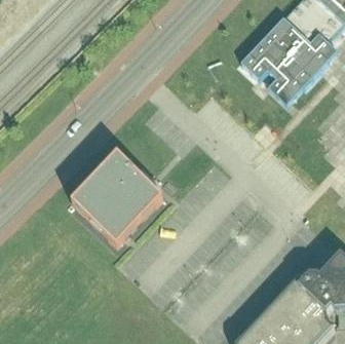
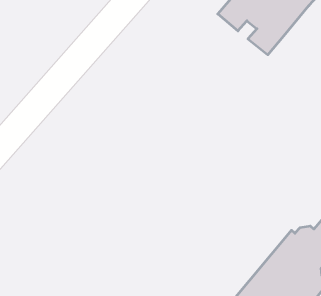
building: [72,153,162,243] -> none

